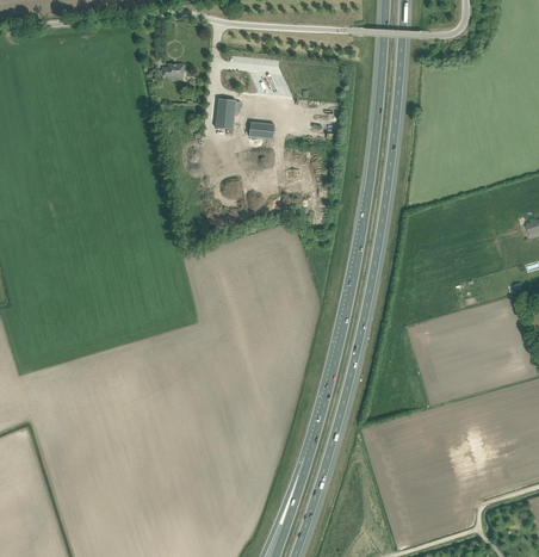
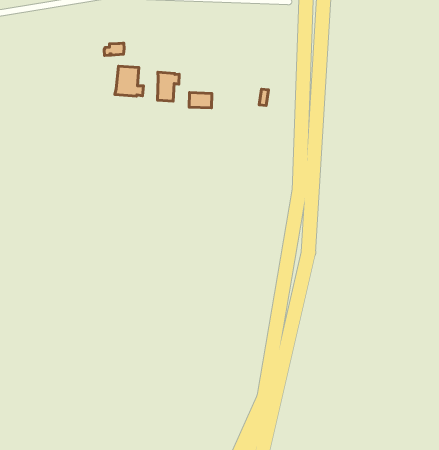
building: none -> [115,66,143,96]

